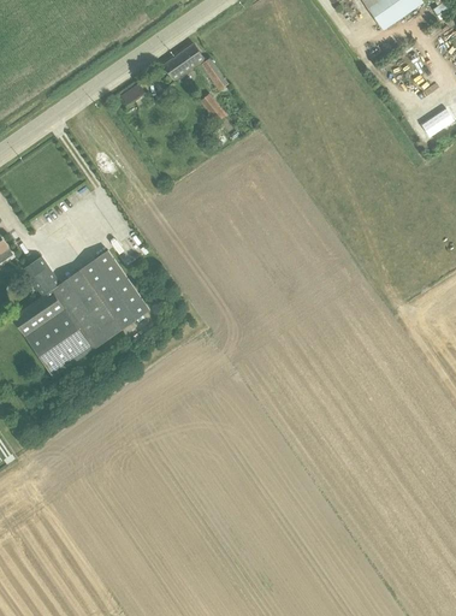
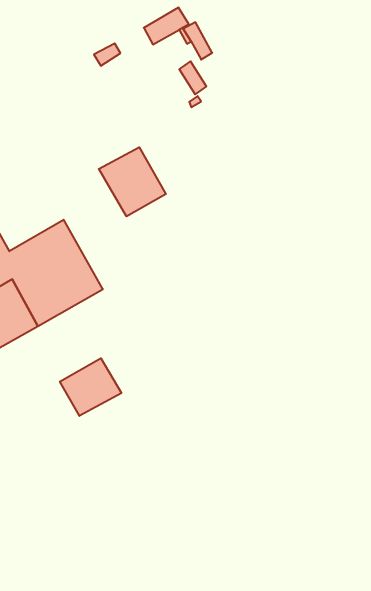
building: none -> [99,147,166,216]
building: none -> [60,358,121,416]

